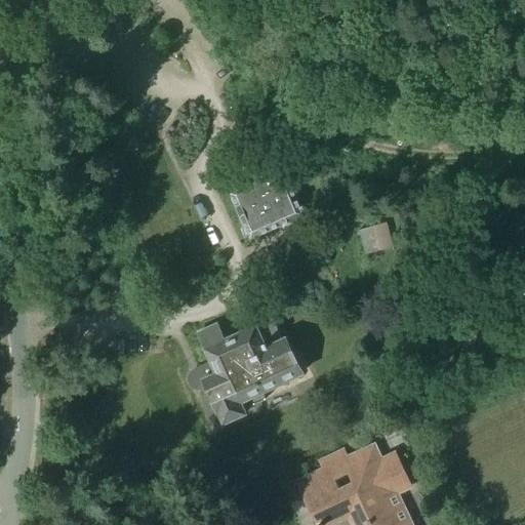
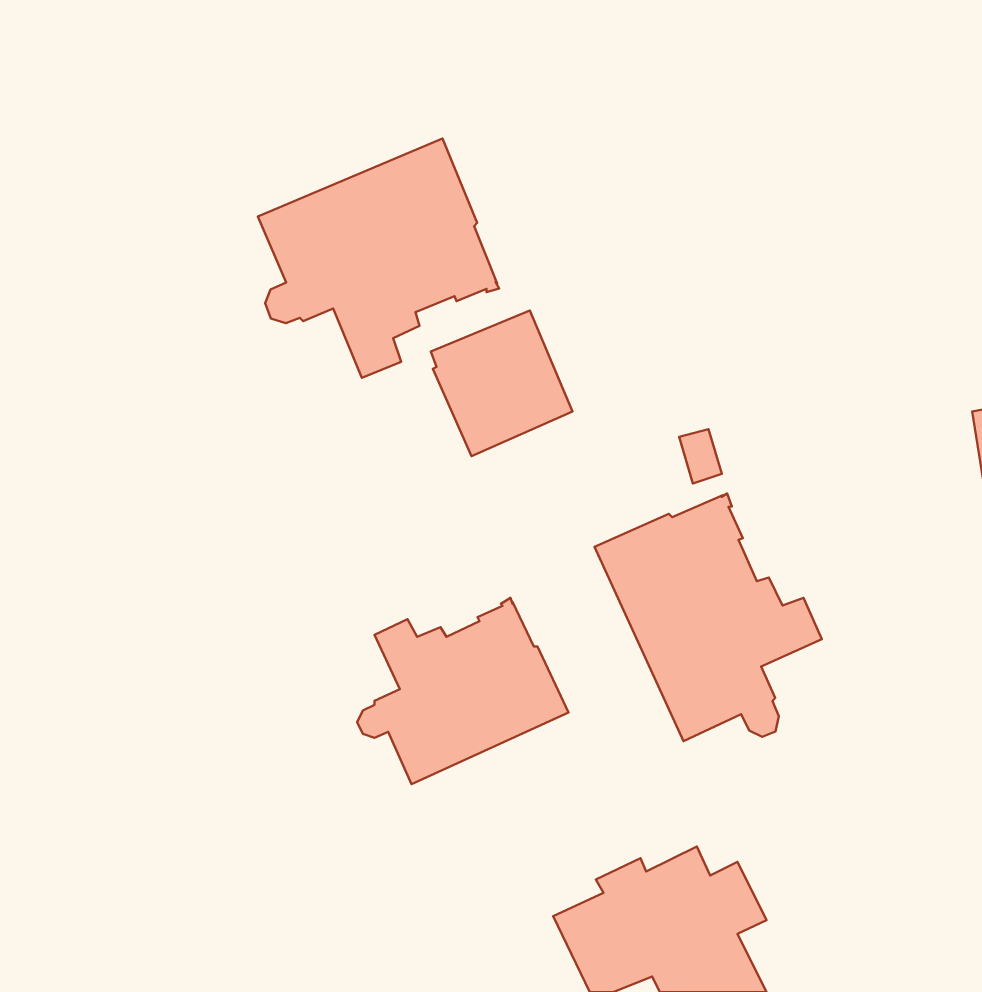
building: none -> [258,138,499,378]
building: none -> [595,493,822,741]

